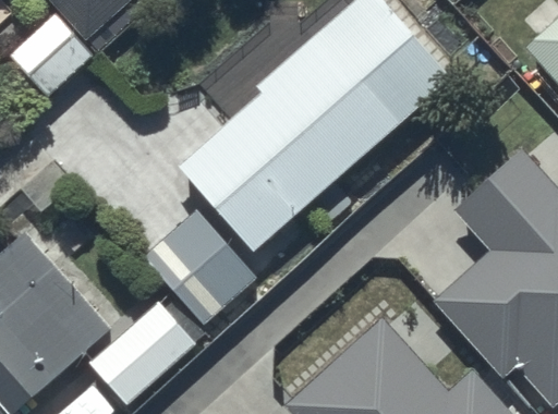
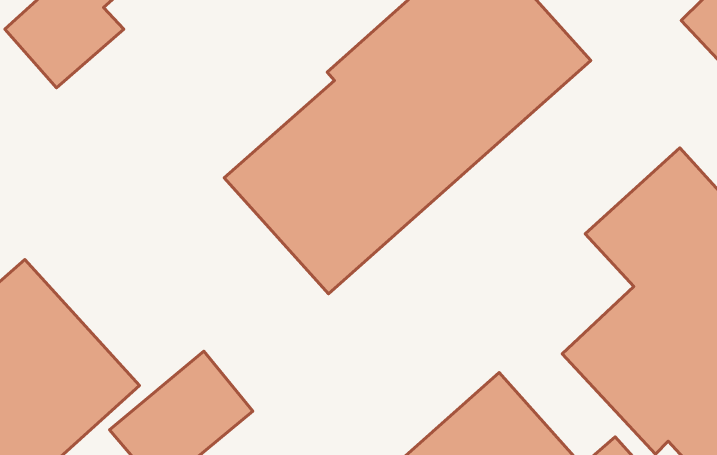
building: [142,206,259,326] -> none

